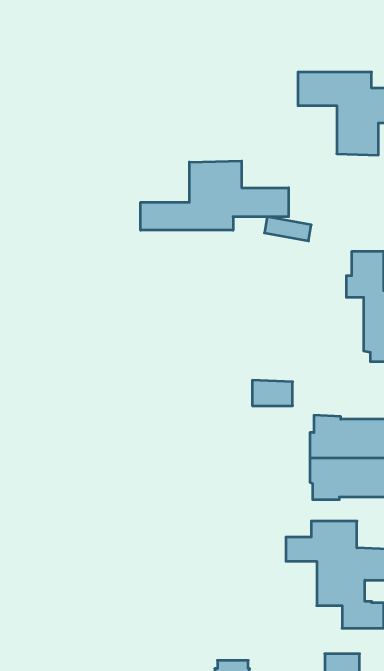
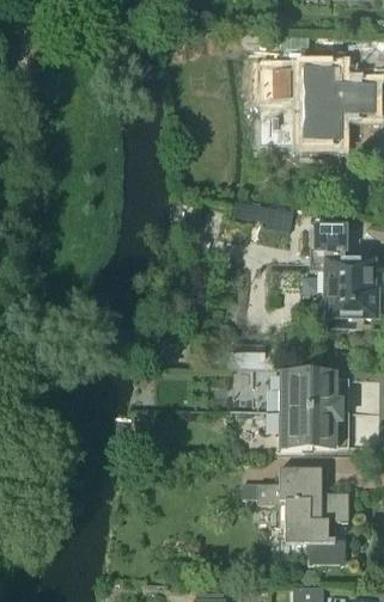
building: [141,161,289,230] -> none

